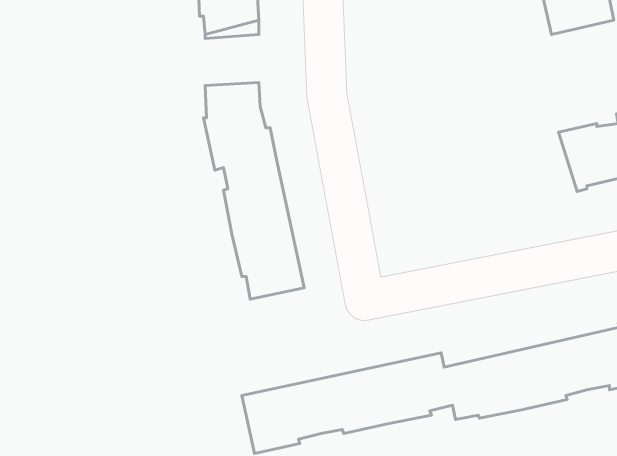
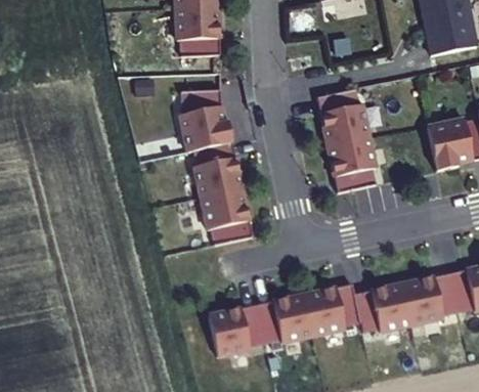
building: none -> [316,87,376,191]

